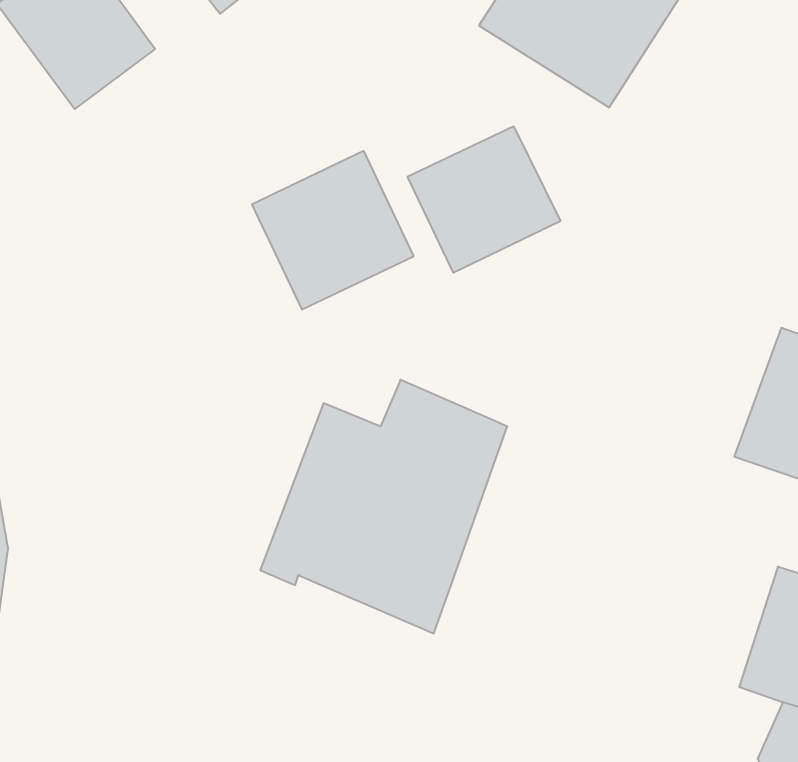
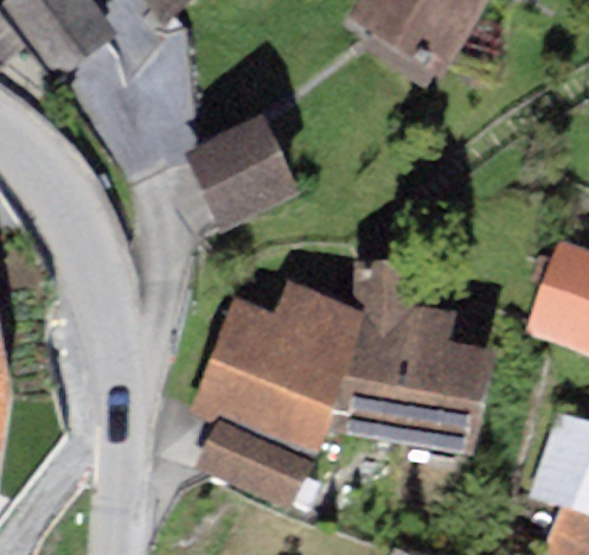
building: [408,126,560,273] -> none
building: none -> [325,257,494,452]
building: none -> [194,415,313,506]

